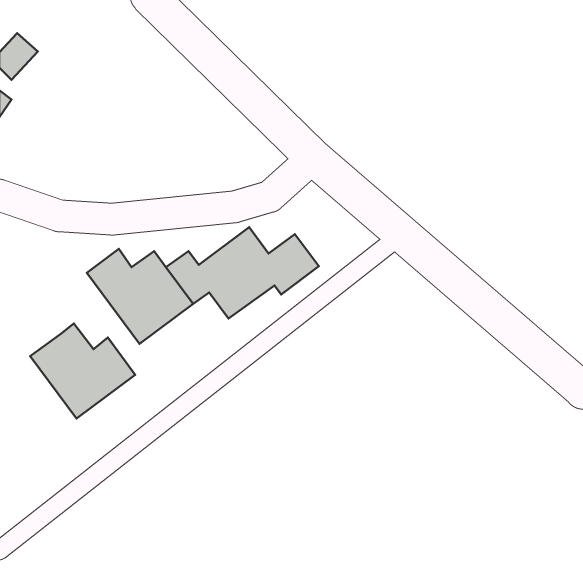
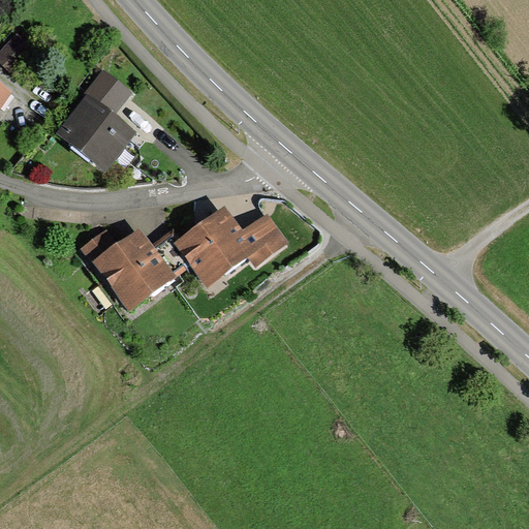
building: none -> [59,71,134,169]
building: [30,324,135,418] -> none

